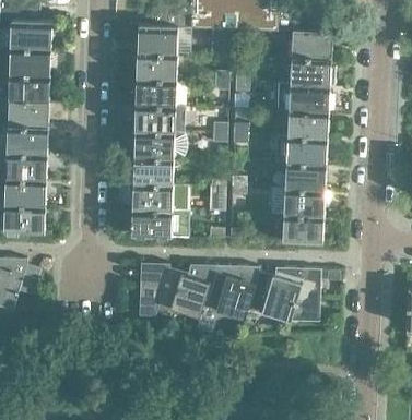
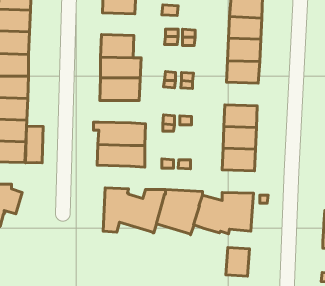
building: [136,51,176,79] -> none
building: [285,135,326,164] -> none
building: [132,157,173,184] -> none
building: none -> [26,126,43,163]
building: none -> [226,248,249,276]

